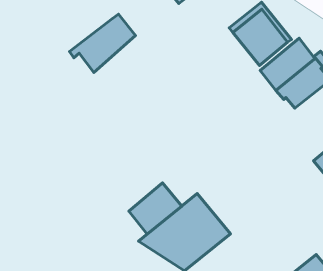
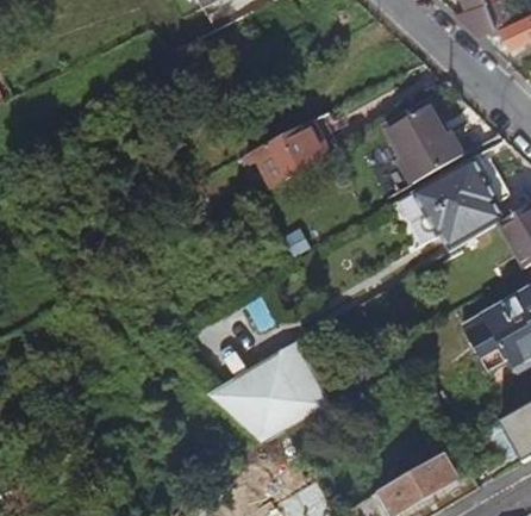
building: [69,14,135,73] -> [243,114,337,188]
building: [129,183,182,234] -> none

